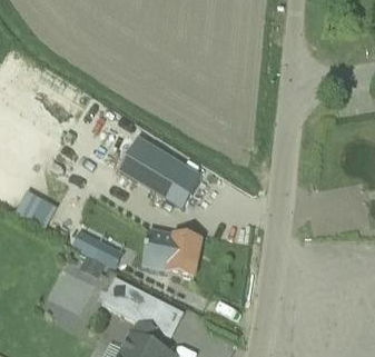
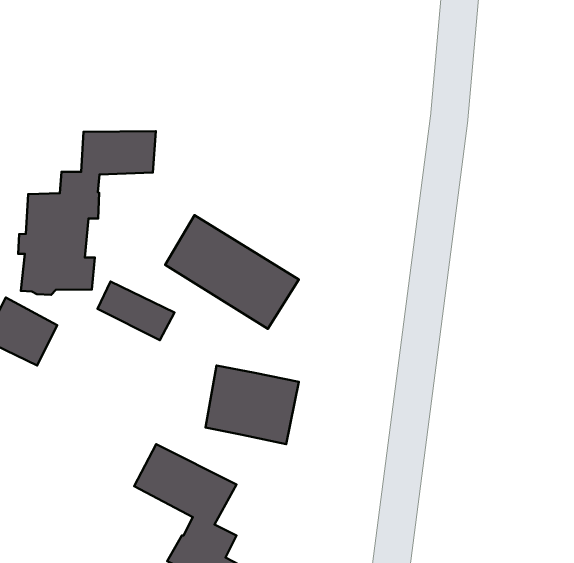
building: none -> [18,131,156,295]
building: [72,230,119,266] -> [98,282,175,340]

